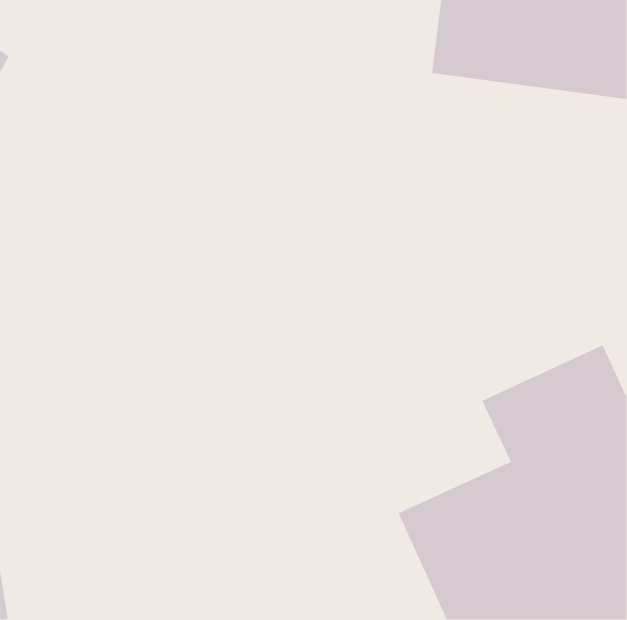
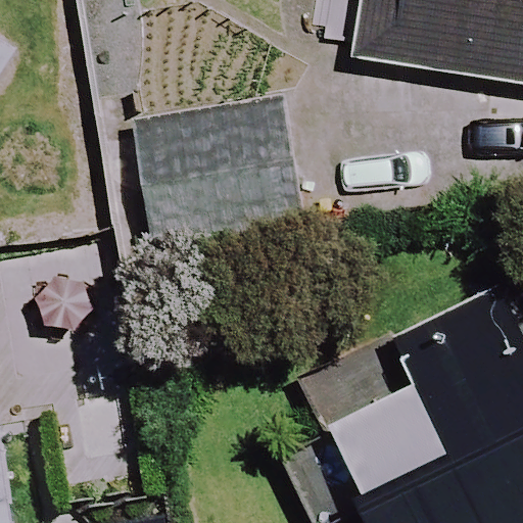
building: none -> [139,94,292,243]

